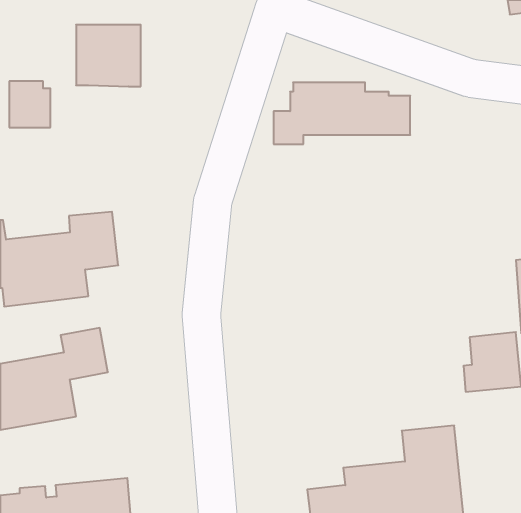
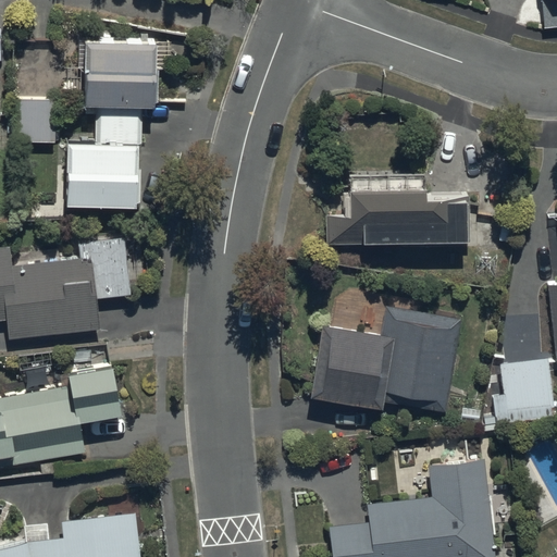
building: [274,82,410,144] -> [327,183,472,248]
building: none -> [65,103,140,202]
building: none -> [311,312,463,419]

